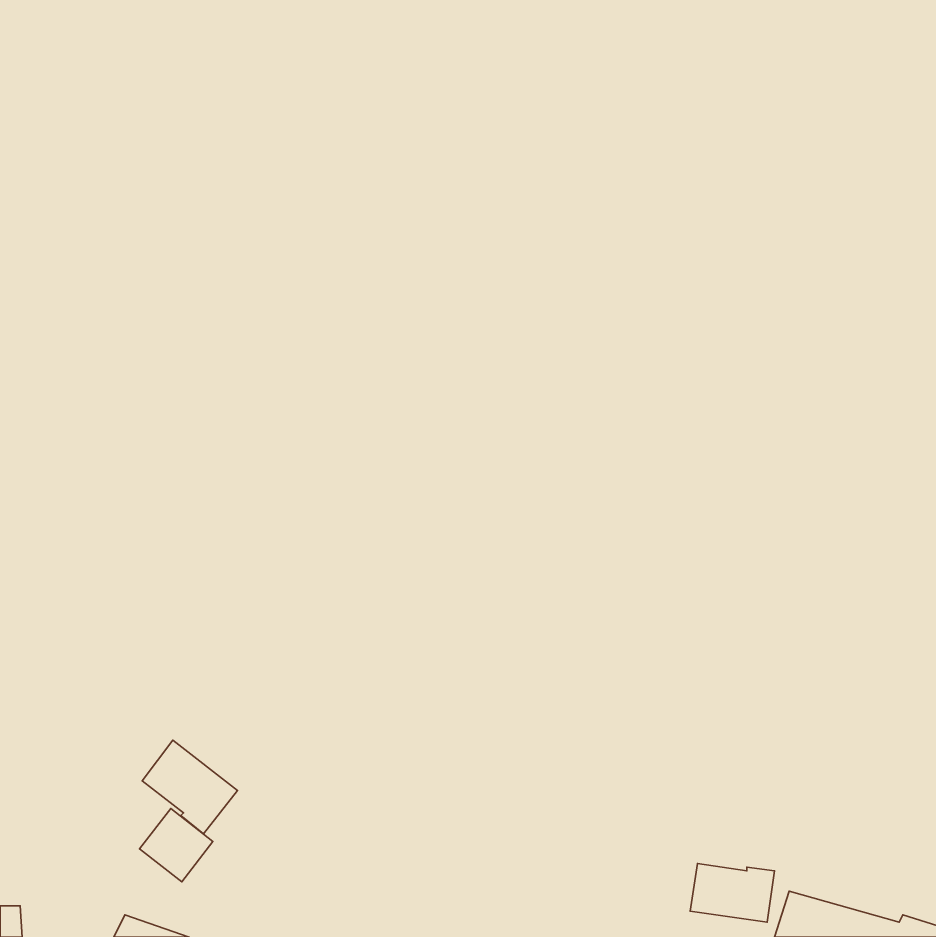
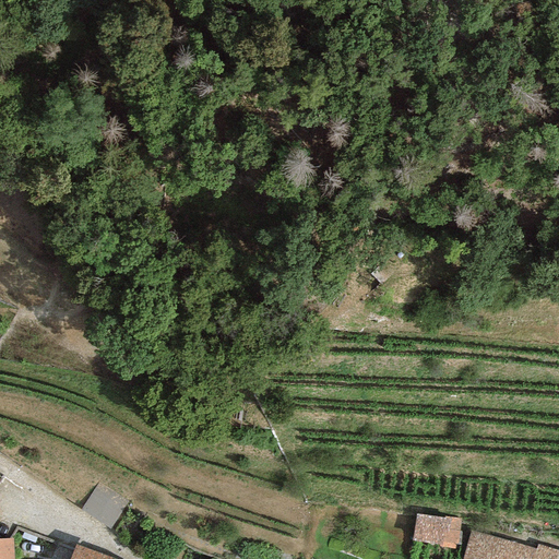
building: [142,740,237,834] -> none

